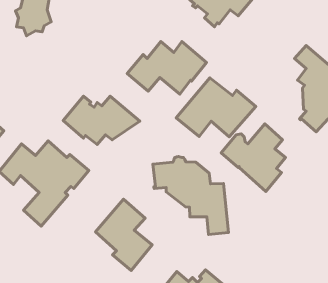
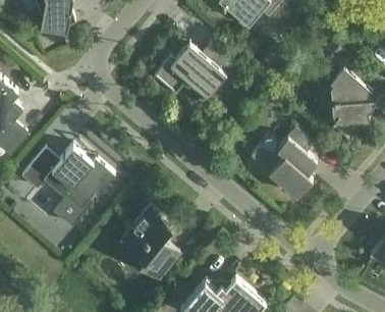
building: [176,78,256,137] -> none
building: [63,96,140,145] -> none
building: [153,156,228,235] -> none

